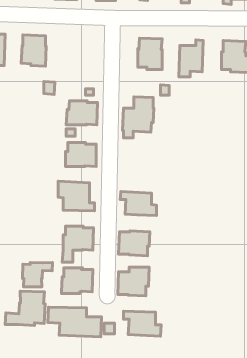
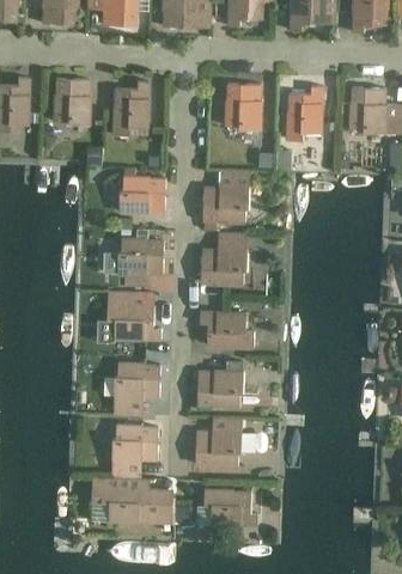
building: none -> [111,80,147,134]
building: none -> [200,238,246,285]
building: [23,262,53,287] -> none
building: [5,291,45,326] -> none

